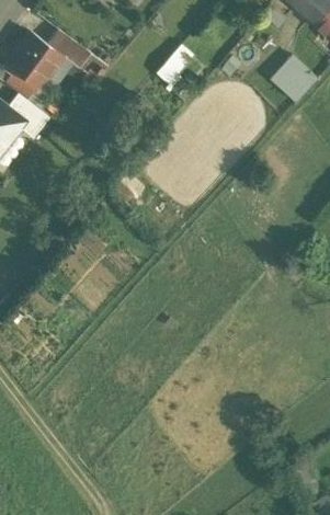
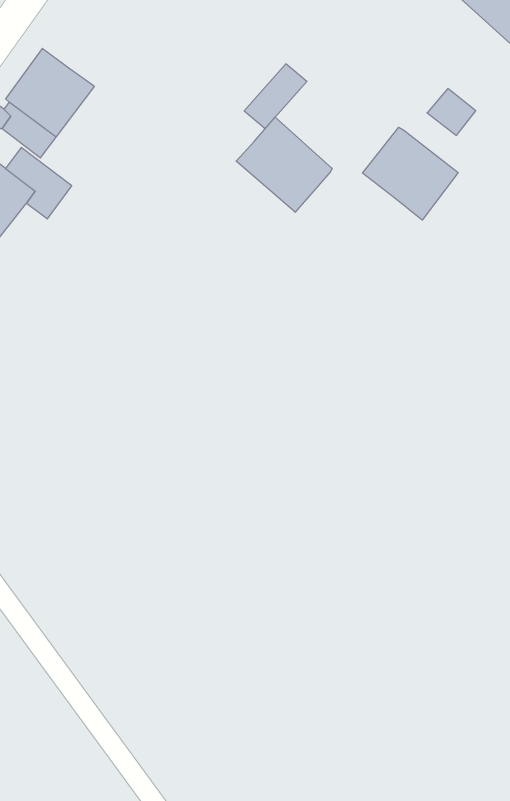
building: [48,31,90,69] -> none
building: none -> [236,117,332,212]
building: none -> [362,127,458,220]

